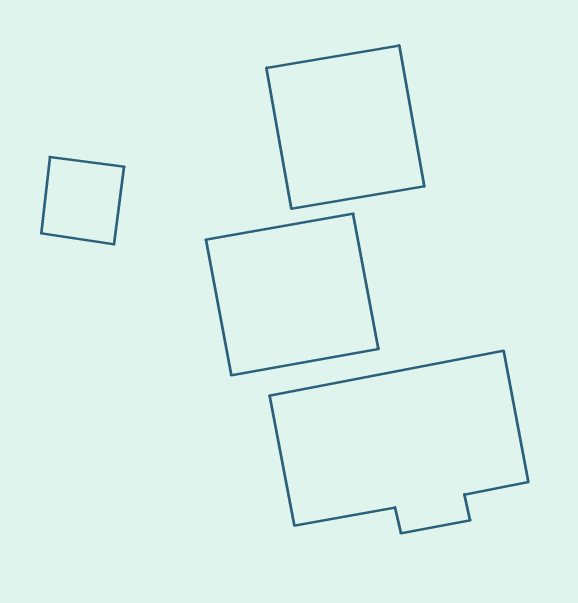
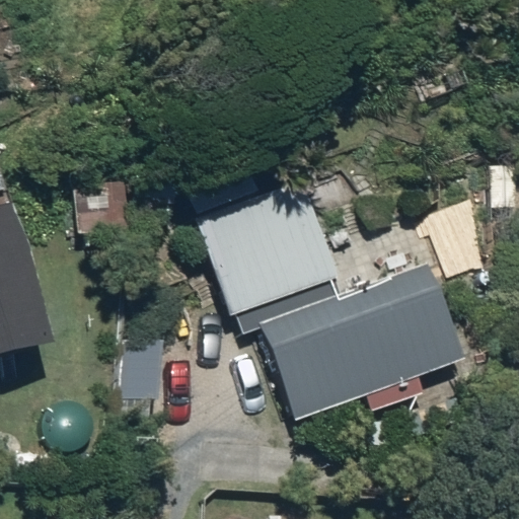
building: [267,45,424,209] -> none

